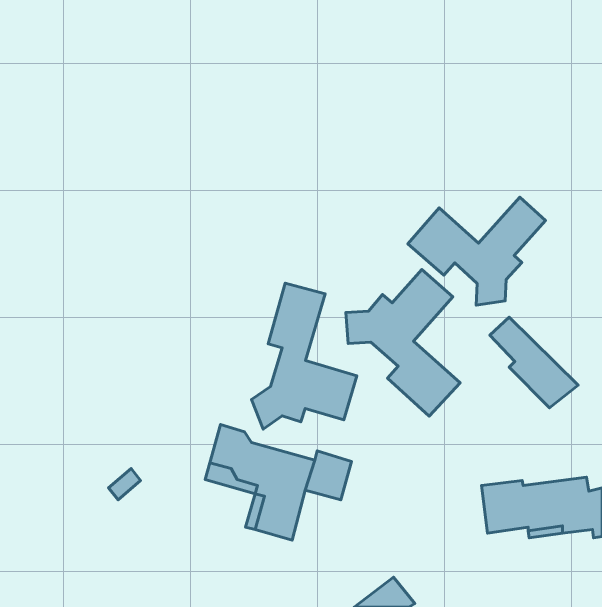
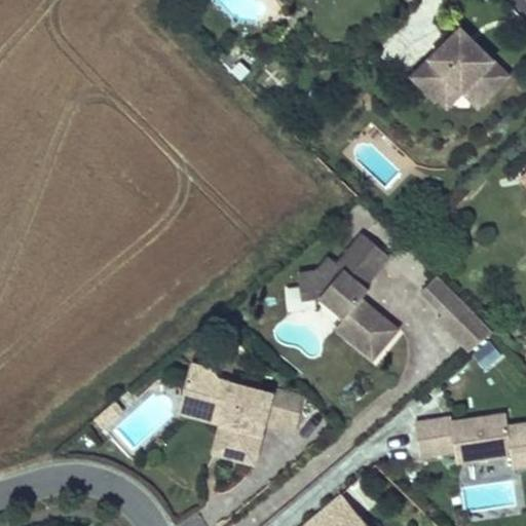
building: none -> [415,29,506,108]
building: [408,197,545,305] -> none
building: [252,283,357,429] -> none

